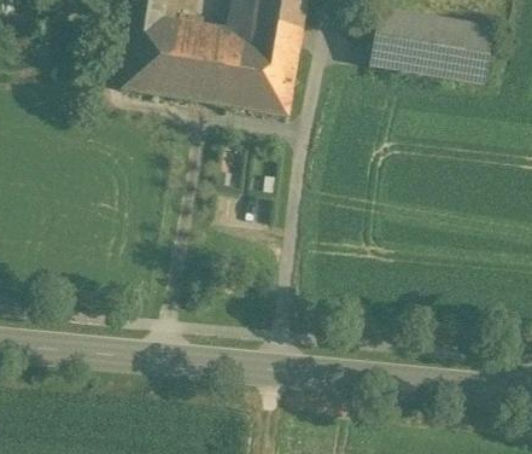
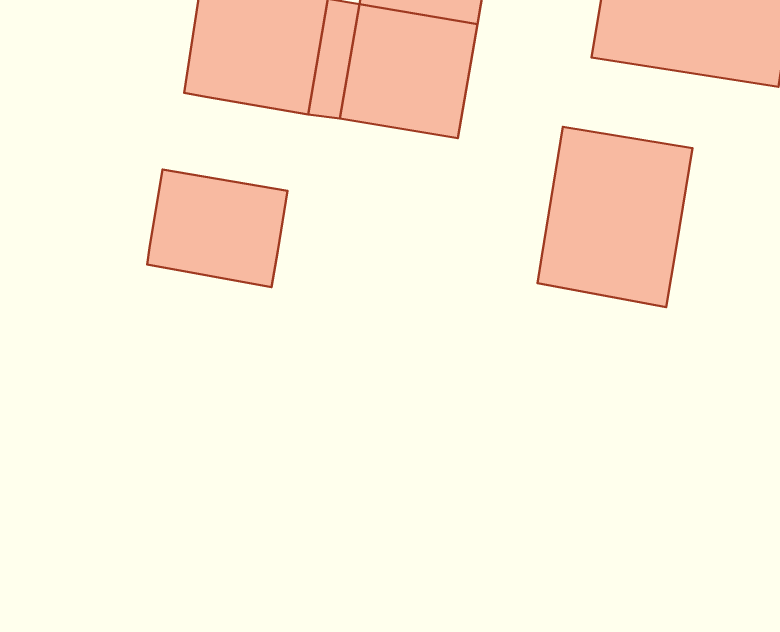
building: none -> [538,127,692,307]
building: none -> [147,170,287,287]

